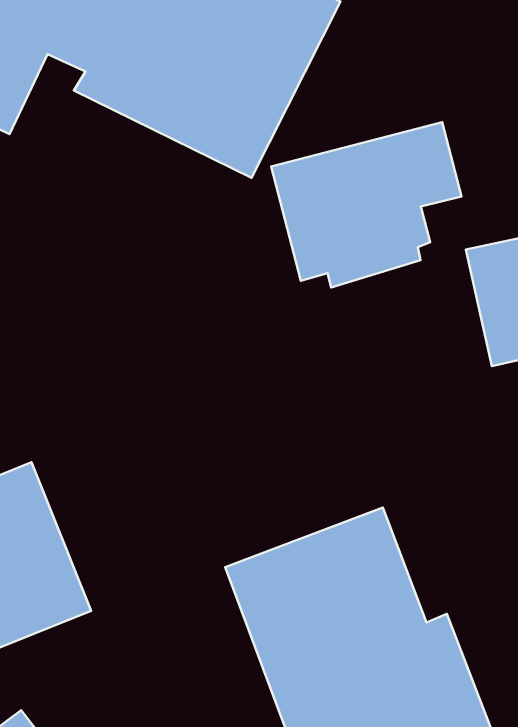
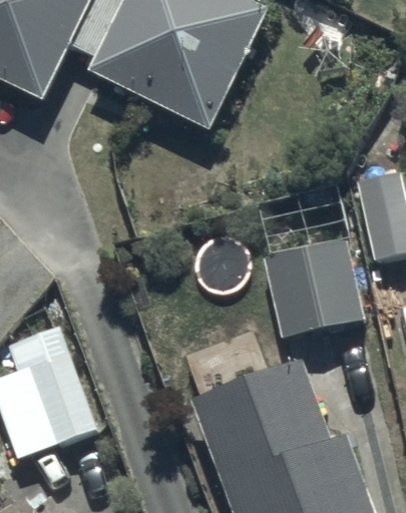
building: [271,122,461,288] -> none
building: none -> [262,234,365,338]

